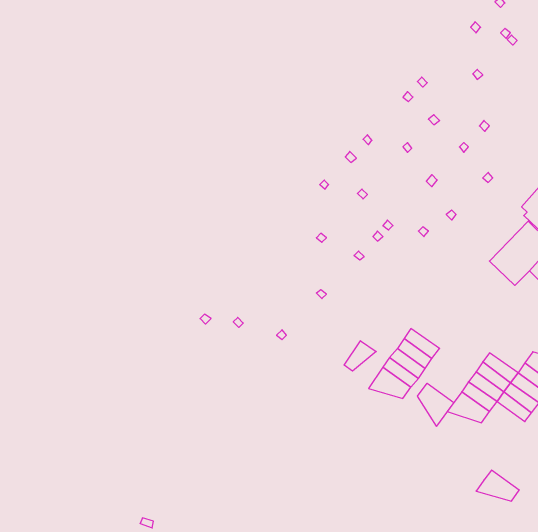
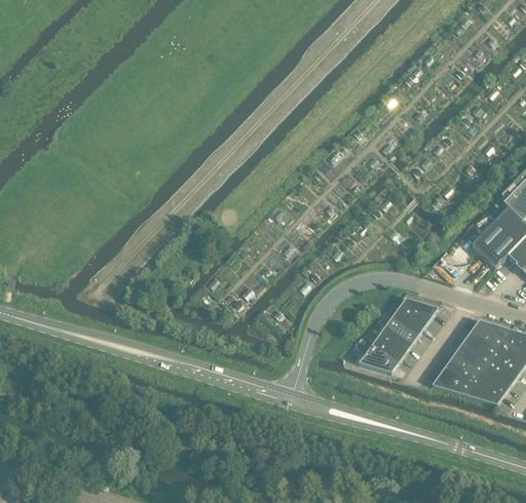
building: none -> [399,297,439,325]
building: [344,341,376,371] -> none
building: none -> [472,319,512,348]
building: [418,383,454,426] -> none
building: [476,470,519,501] -> [464,375,504,403]

